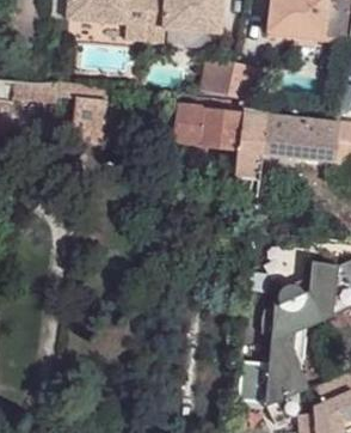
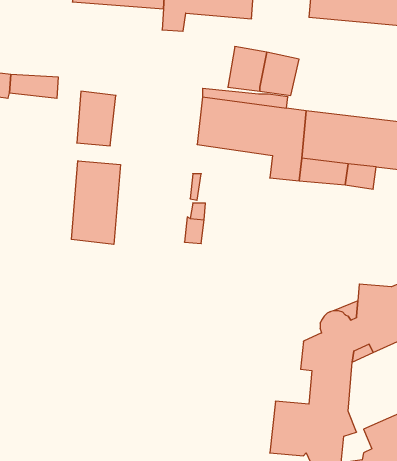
building: none -> [71,161,120,244]

